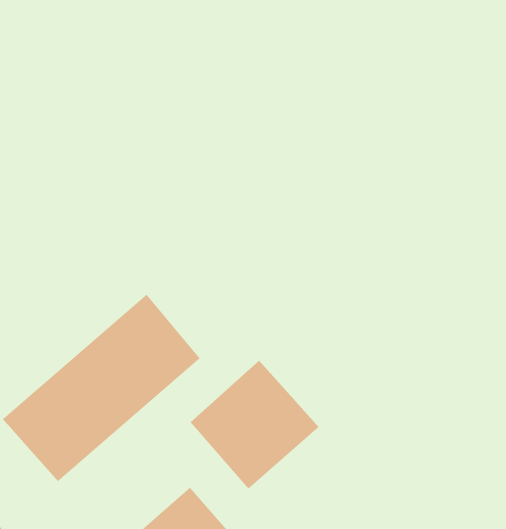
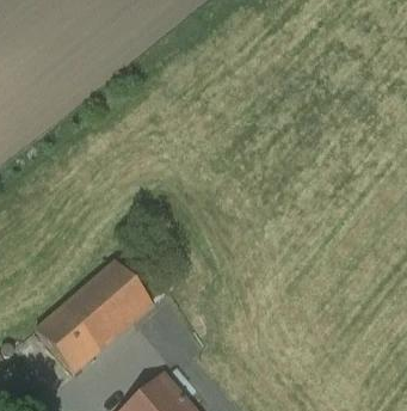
building: [190,360,320,489] -> none

